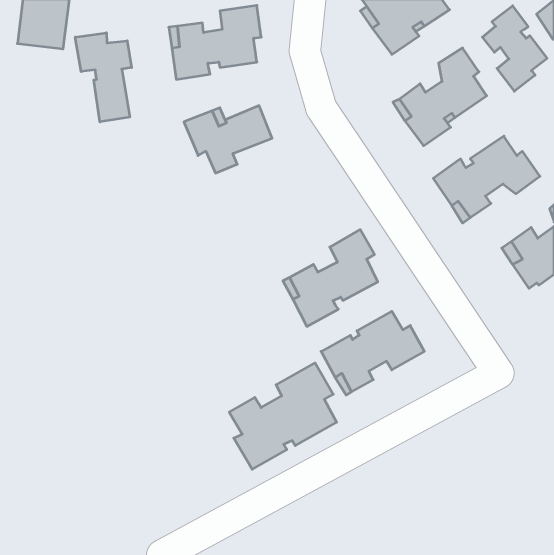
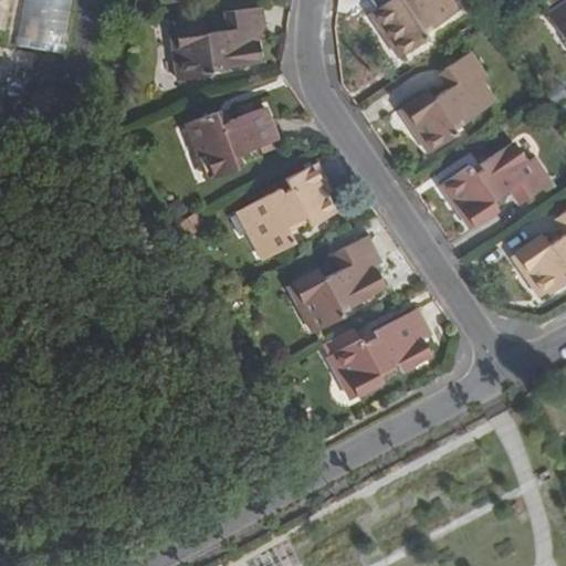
building: [482,6,547,91] -> none
building: [75,33,132,122] -> none
building: none -> [243,160,329,255]
building: [229,363,337,469] -> none

